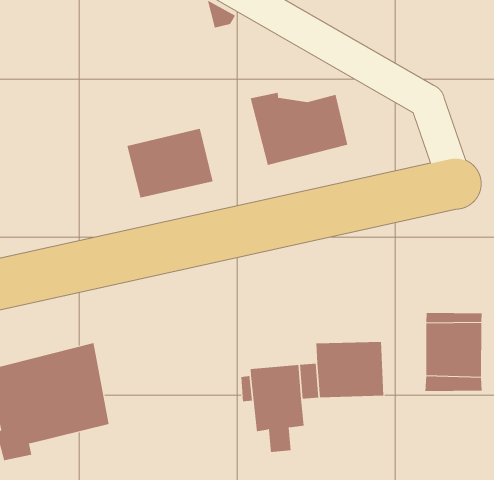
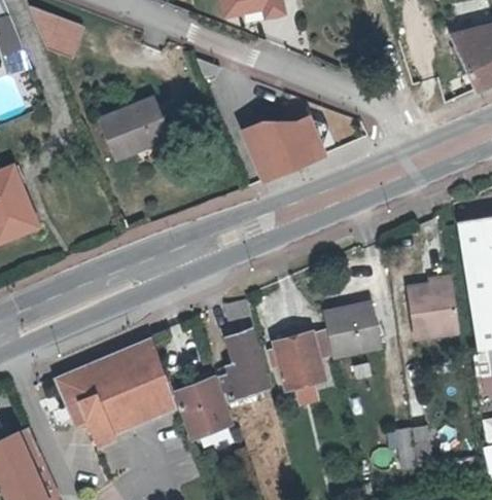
building: [127,128,214,198] -> [99,95,171,156]
building: none -> [220,332,268,399]
building: none -> [177,380,230,438]

